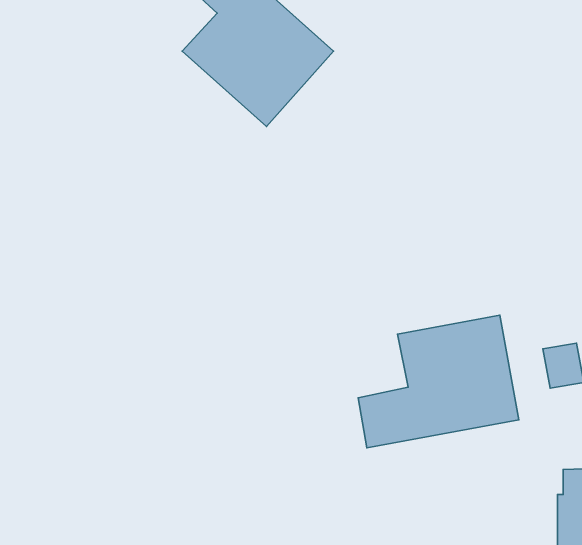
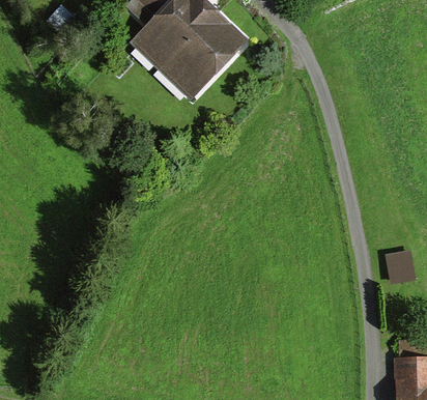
building: [358,315,519,448] -> none

